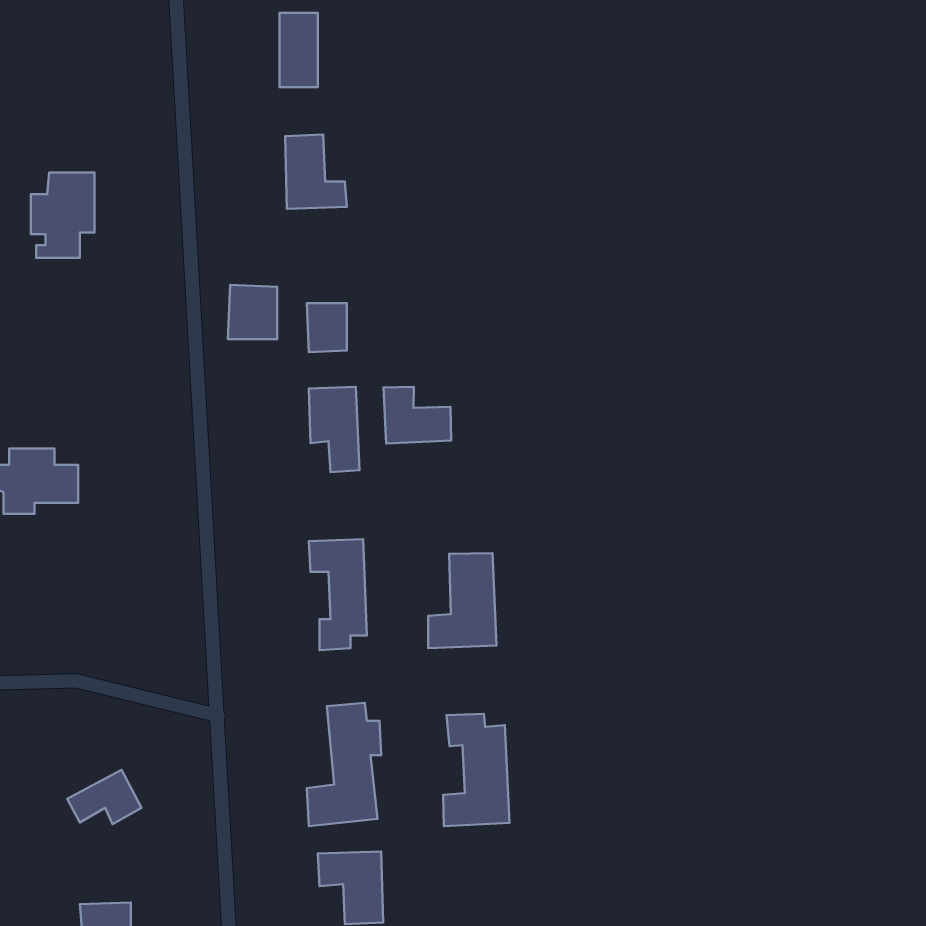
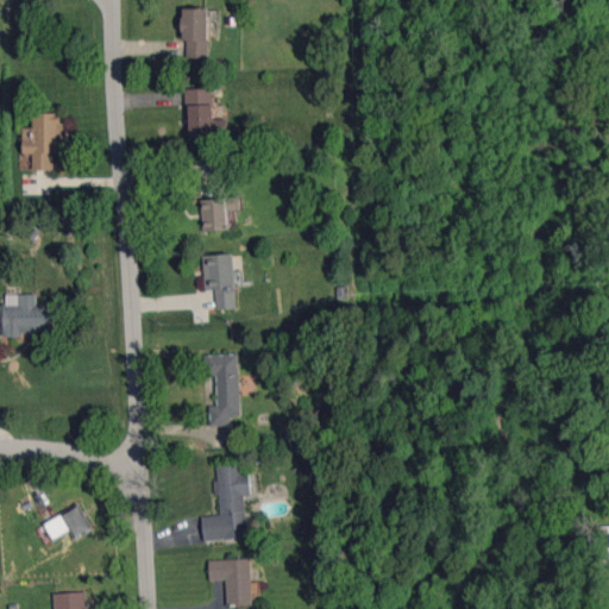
building: [228,285,277,339] -> none
building: [384,387,451,443] -> none
building: [428,553,497,648] -> none
building: [443,714,509,826] -> none

